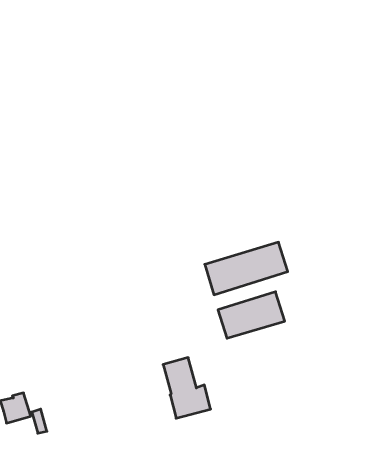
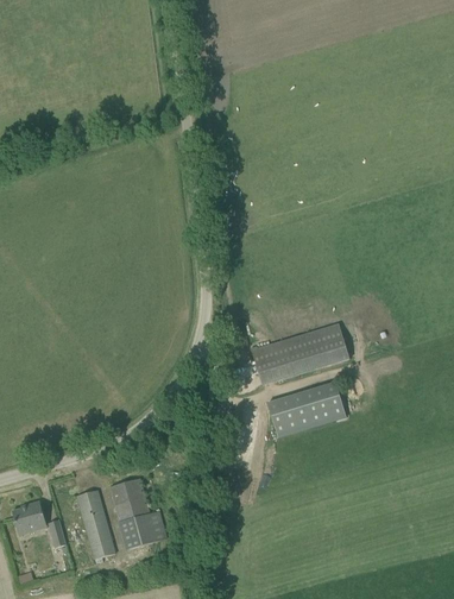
building: [163,358,211,418] -> [109,478,165,549]
building: none -> [76,490,114,559]

